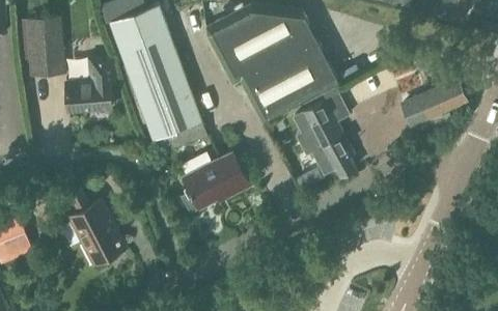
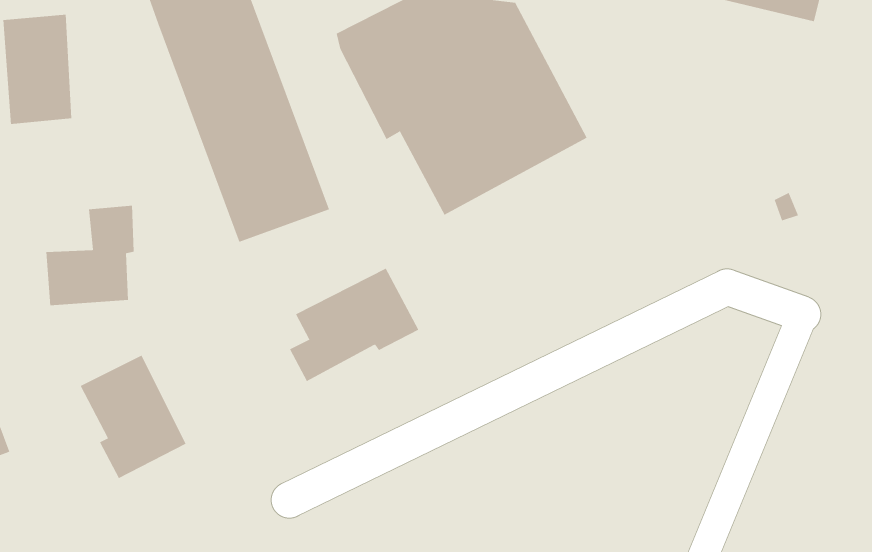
building: [66,58,114,112] -> [46,205,135,306]
building: [404,82,466,124] -> none
building: [294,101,355,177] -> none

